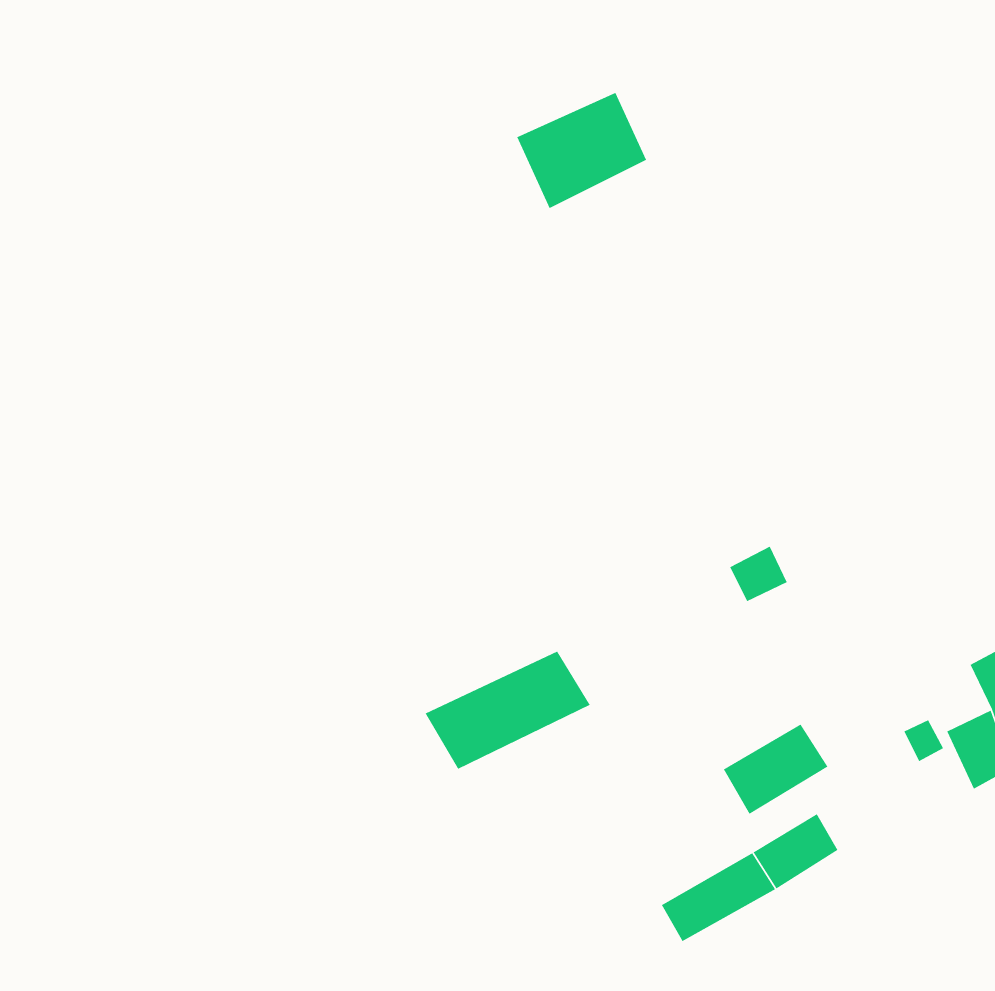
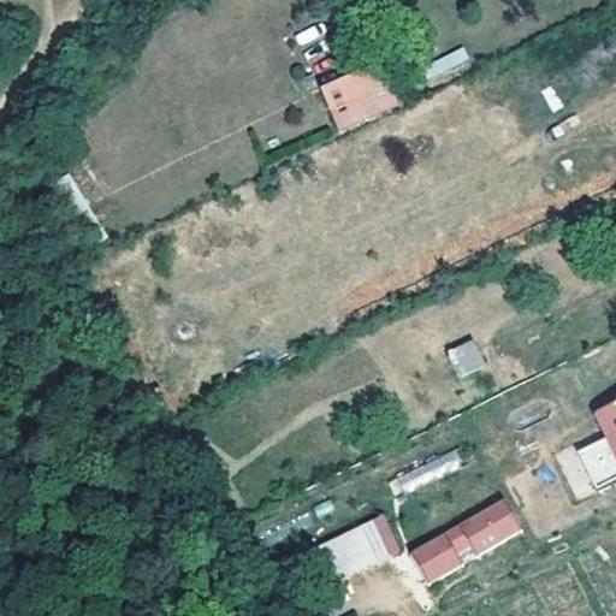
building: [425,651,591,770] -> [301,514,403,587]
building: [723,723,828,815] -> none

